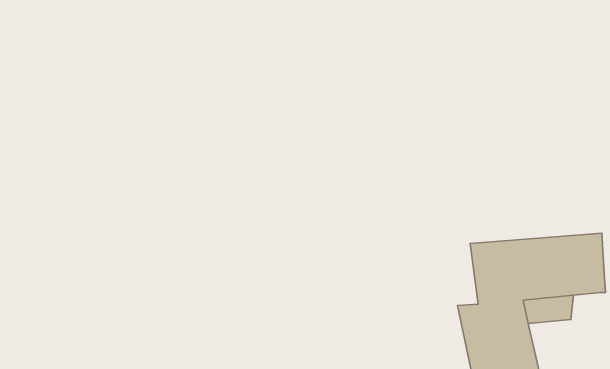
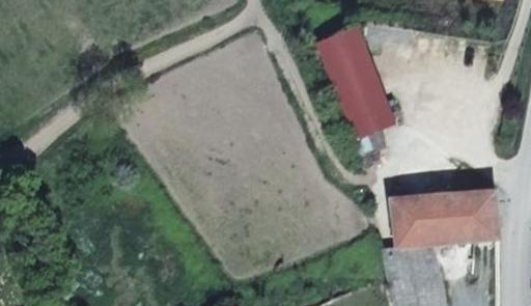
building: none -> [317,26,395,138]

